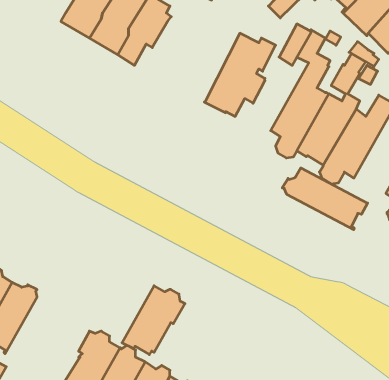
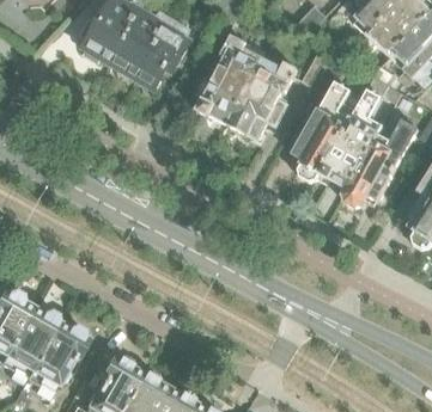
building: none -> [195,36,263,125]
building: [282,168,368,230] -> none
building: [122,286,185,355] -> [24,322,87,392]

